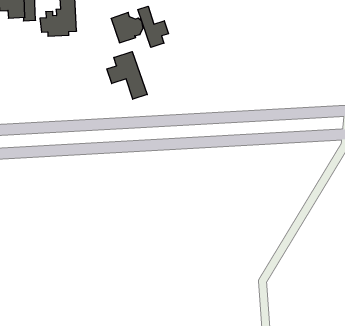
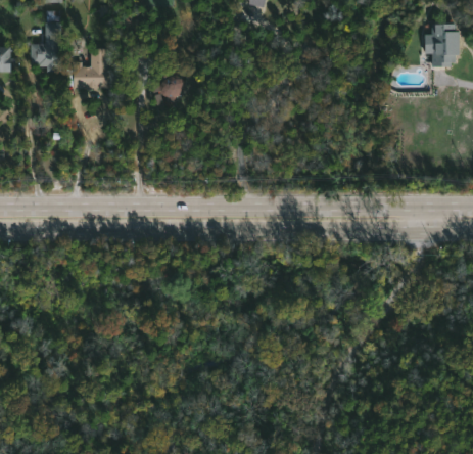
building: [138,6,168,47] -> none
building: [107,52,147,99] -> none

